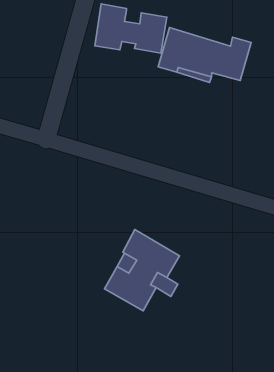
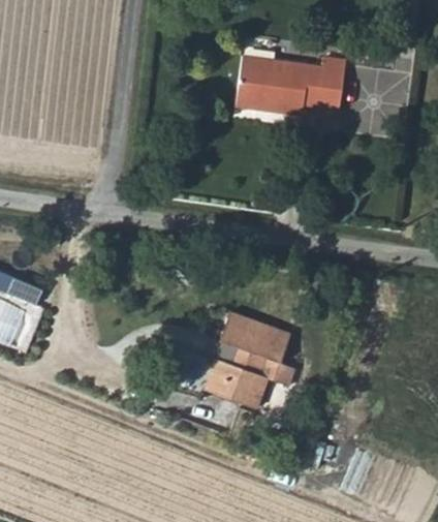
building: [95,4,167,53] -> none

